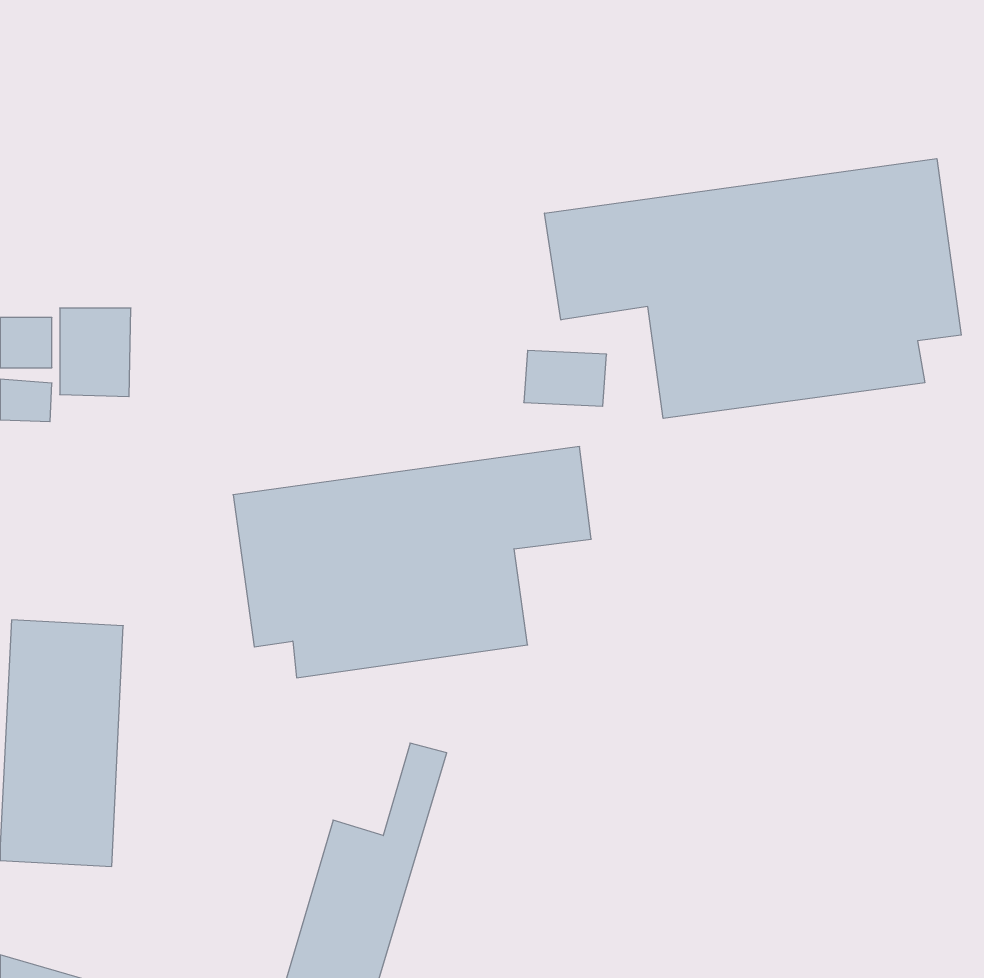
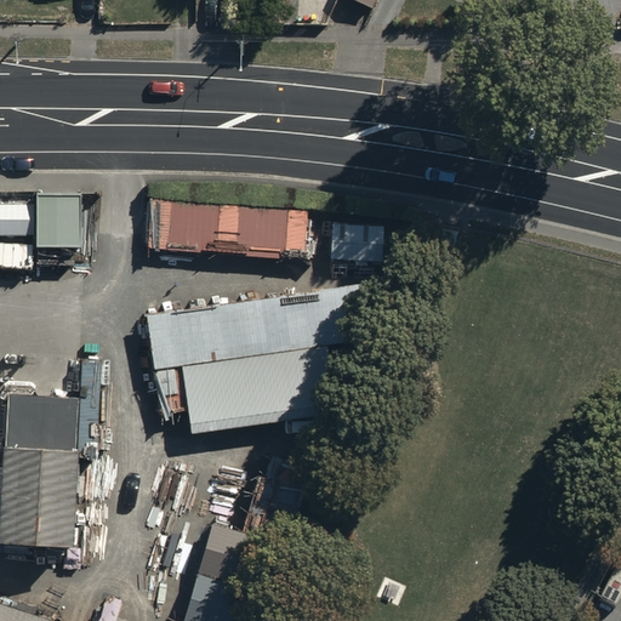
building: [545,159,961,418] -> none
building: none -> [147,200,307,261]

